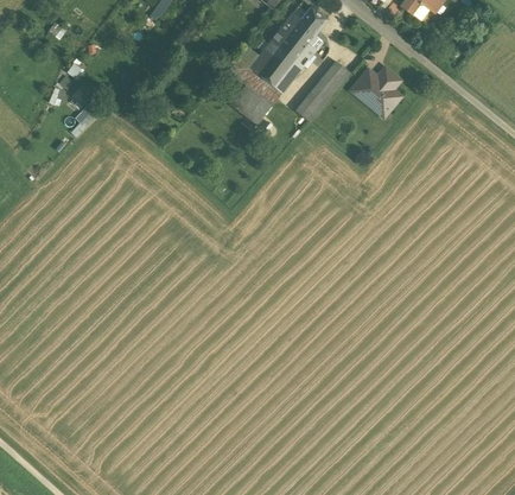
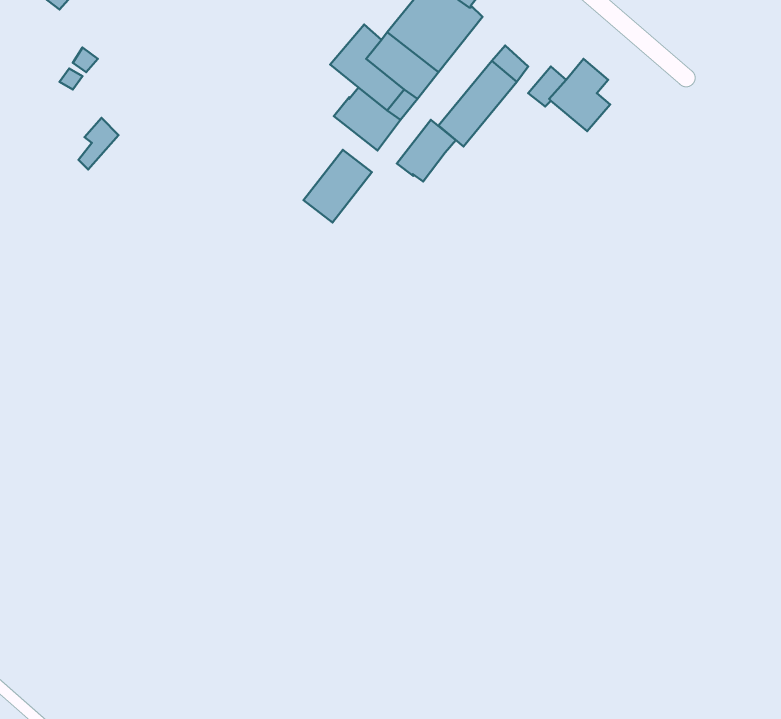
building: none -> [397,120,456,182]
building: none -> [304,150,372,222]

